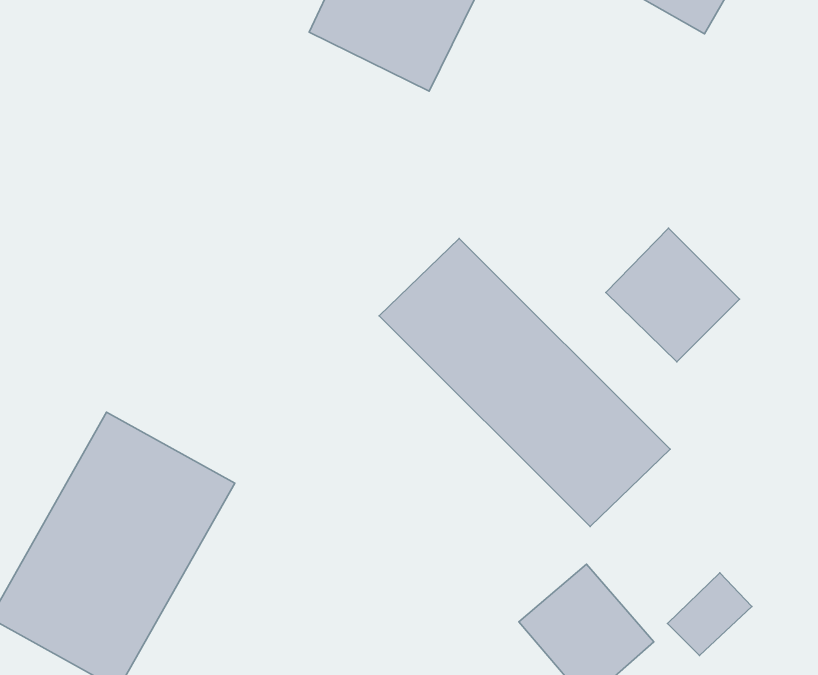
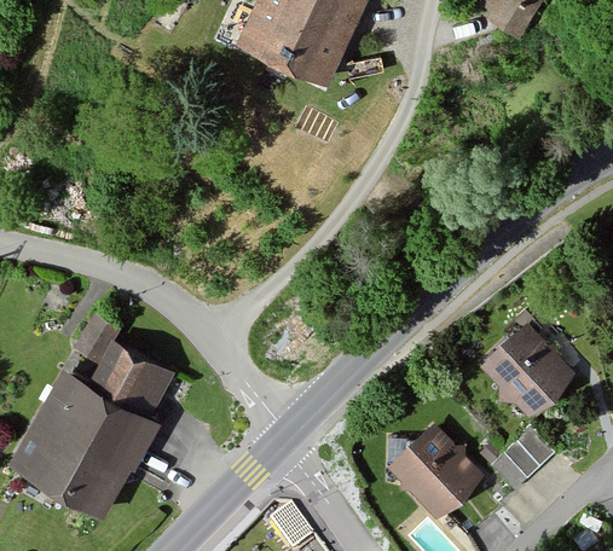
building: [606,228,739,362] -> [481,320,577,416]
building: [379,238,670,527] -> none

